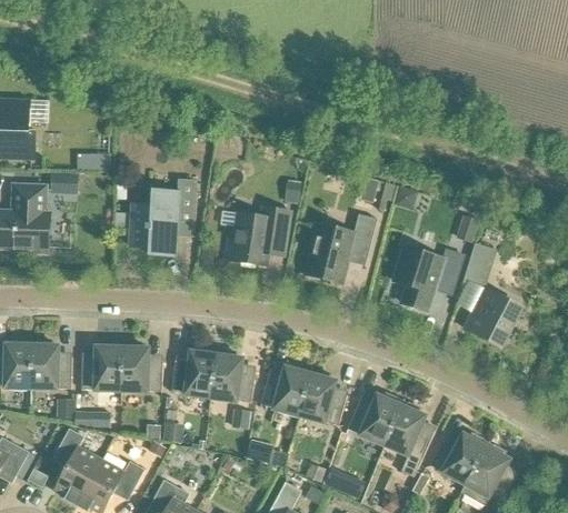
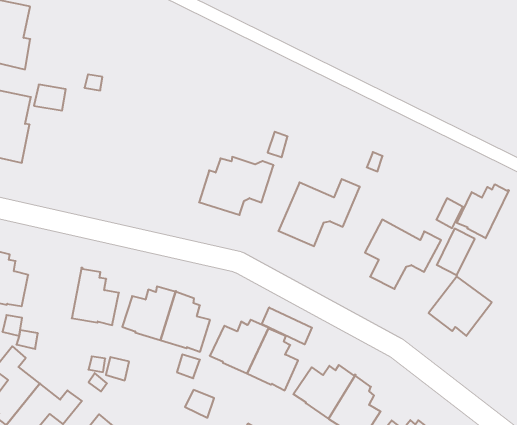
building: [130,181,197,255] -> none
building: none -> [457,184,509,238]
building: [81,341,122,391] -> none
building: none -> [262,307,312,344]

